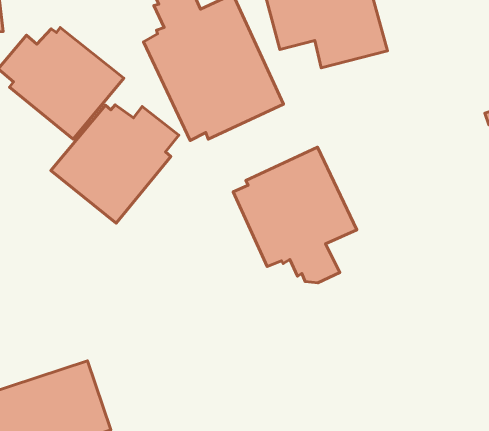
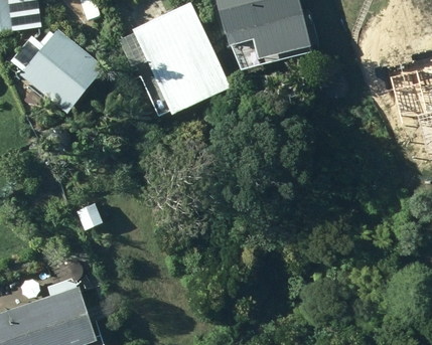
building: [51,105,179,223] -> none
building: [233,147,357,283] -> none

